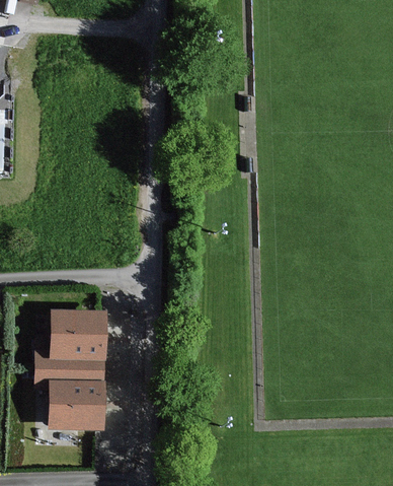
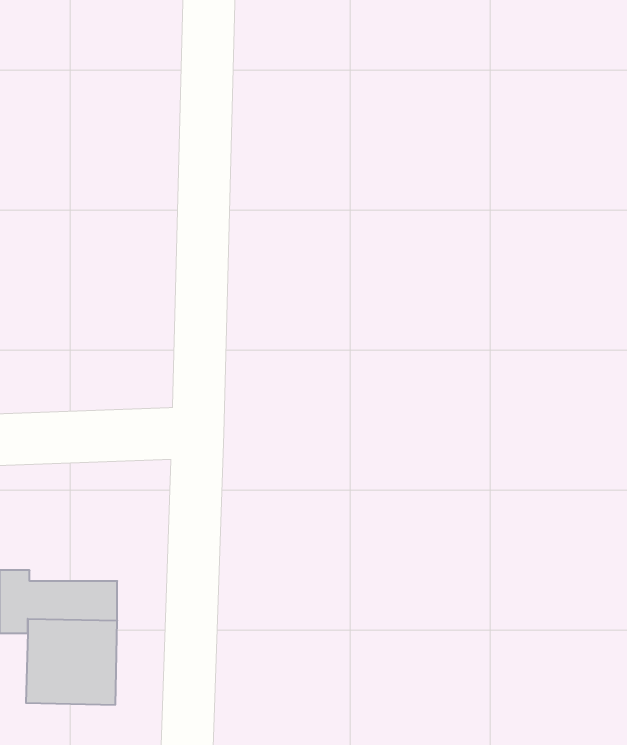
building: [52,311,102,359] -> none

